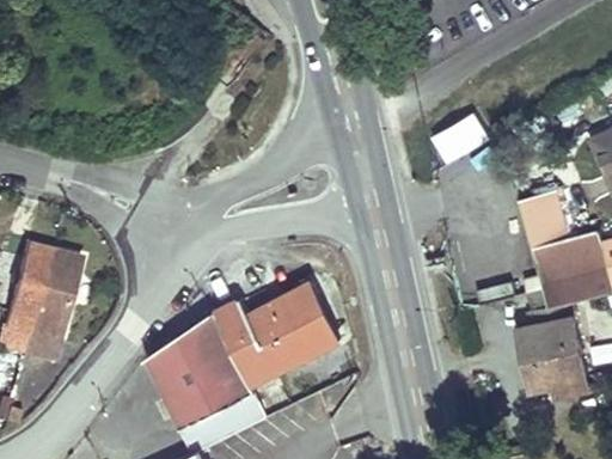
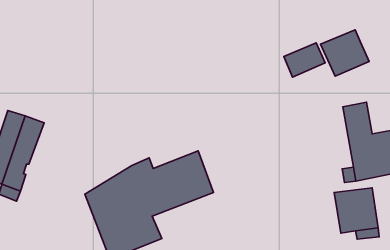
building: none -> [320,30,369,76]

